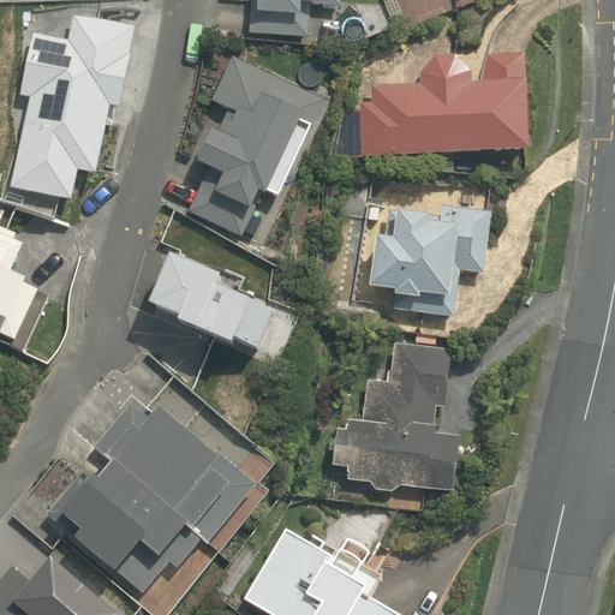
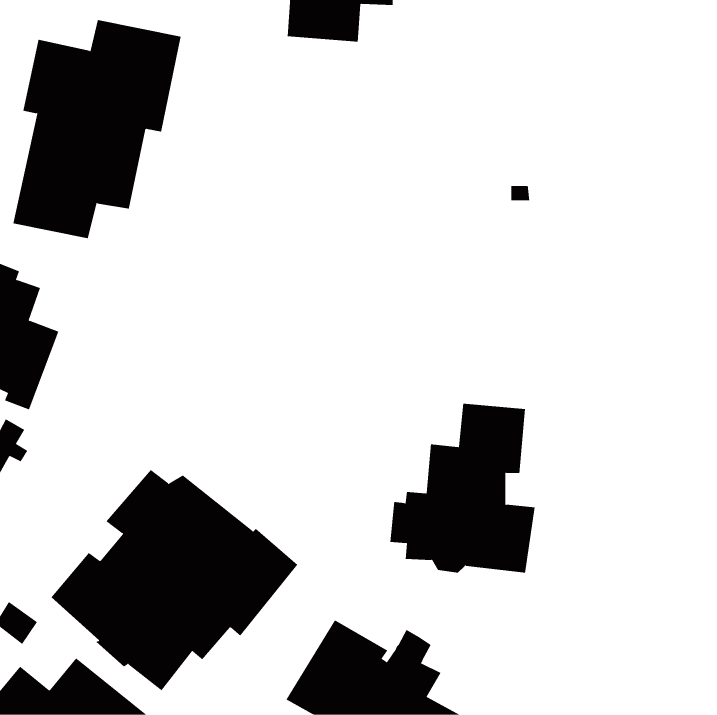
building: [333,53,529,159] -> none
building: [186,54,321,234] -> none
building: [370,204,490,315] -> none
building: [148,252,271,348] -> none

